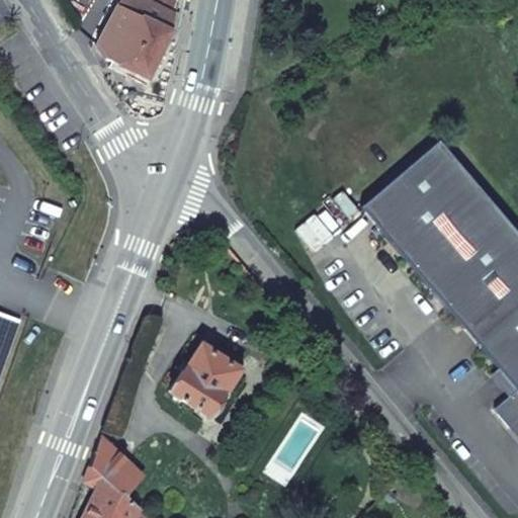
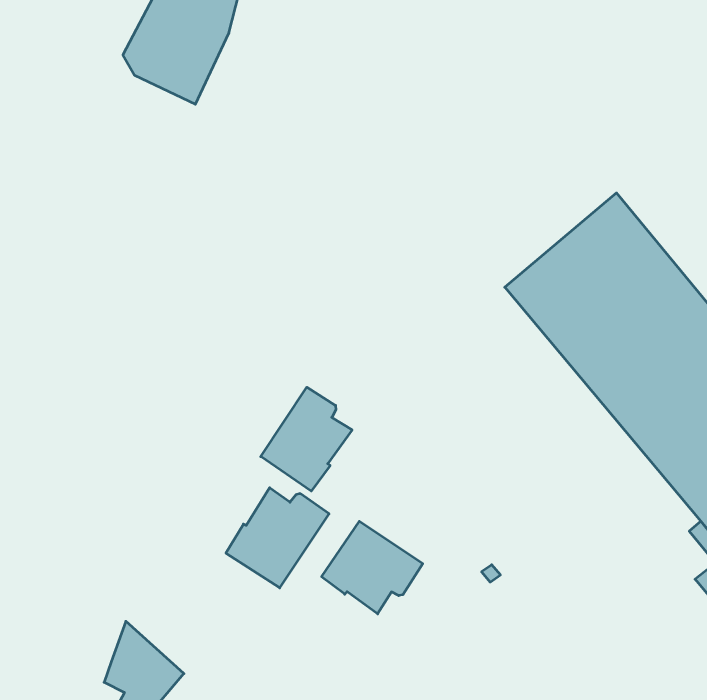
building: none -> [261,387,352,491]
building: none -> [322,521,423,614]

